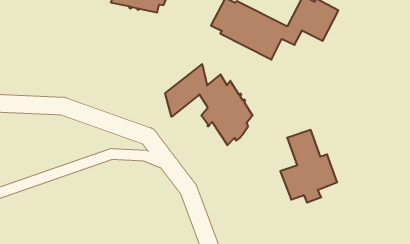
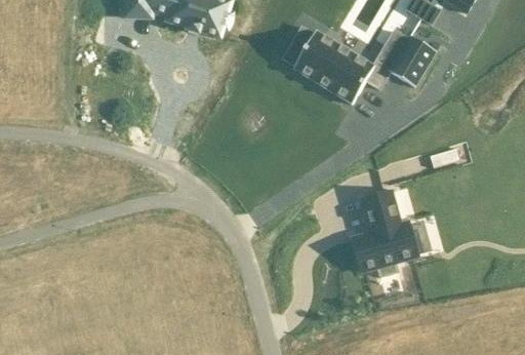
building: [165,64,253,145] -> none

